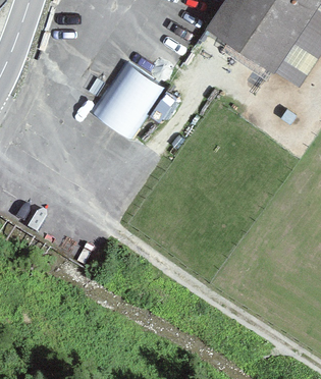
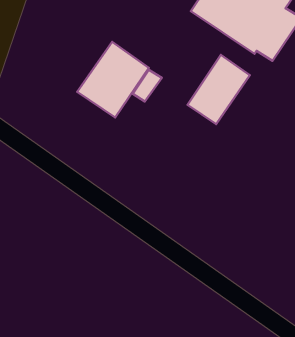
building: none -> [187,55,250,124]

